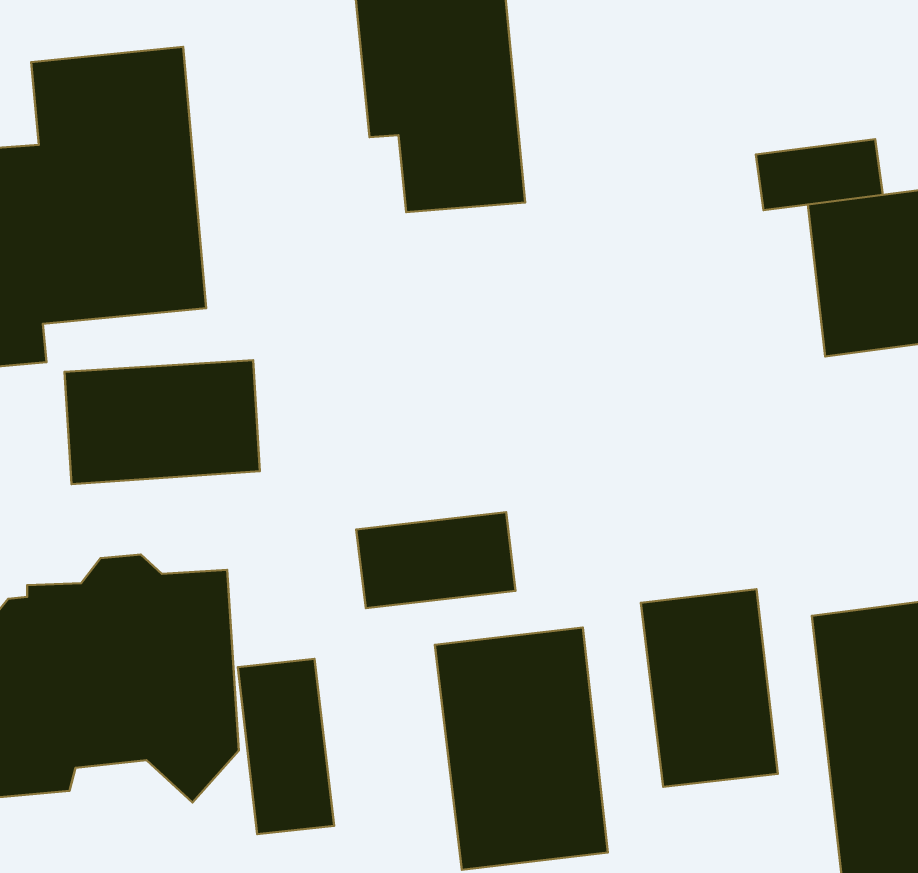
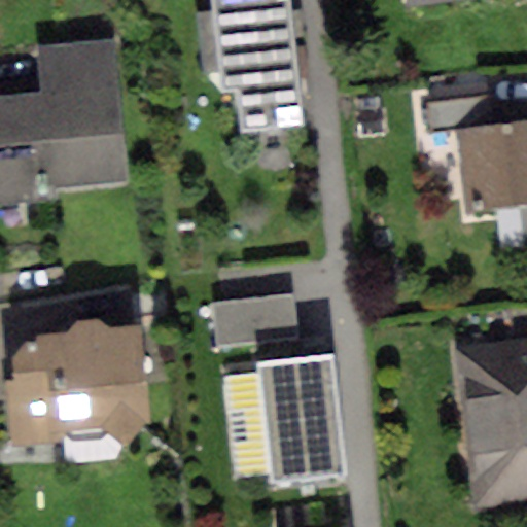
building: [64,360,260,484] -> none
building: [641,589,778,787] -> none
building: [238,659,334,834] -> none

